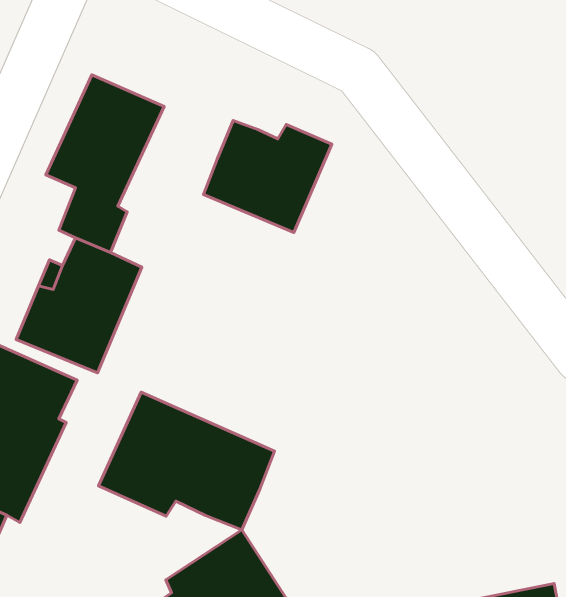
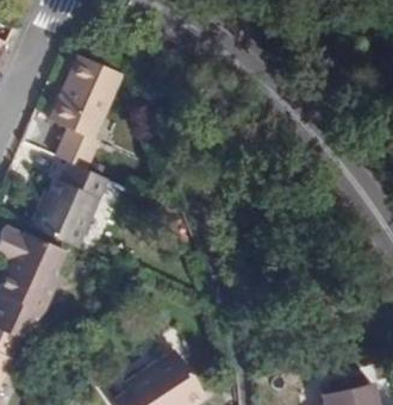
building: [203,121,332,233] -> none
building: [99,392,275,530] -> none

